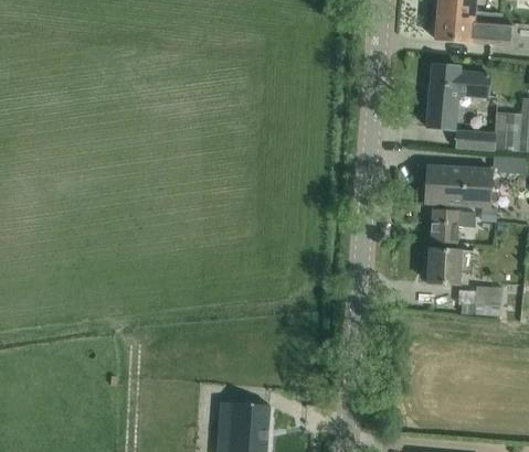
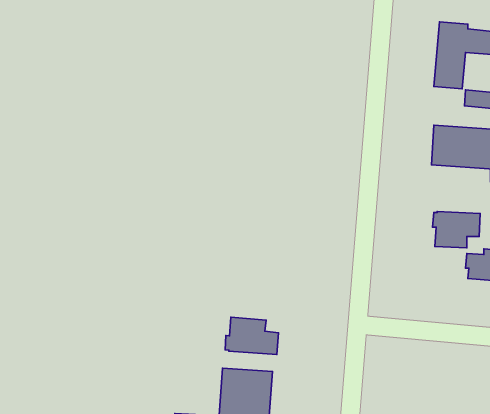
building: [431,208,474,241] -> none
building: none -> [225,317,279,355]

